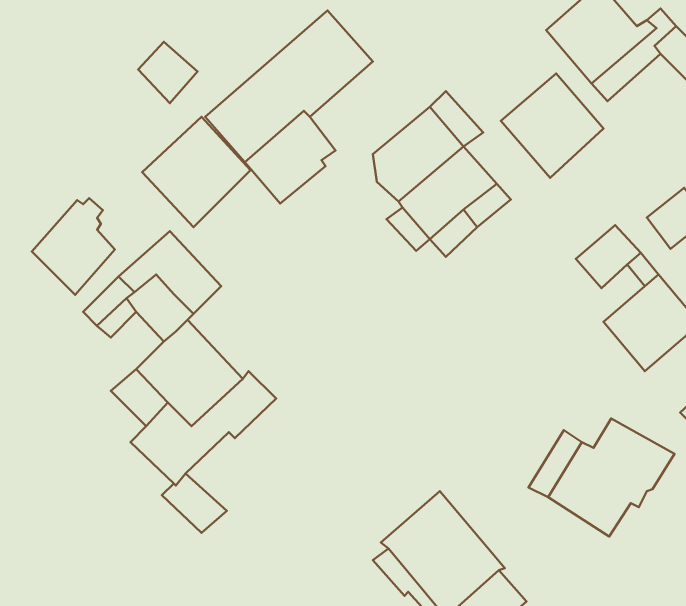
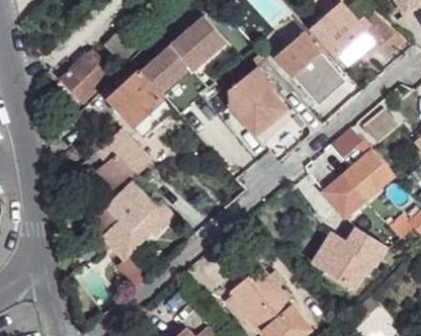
building: none -> [277,32,320,73]
building: [32,198,115,295] -> [66,49,108,98]
building: none -> [322,176,365,221]

